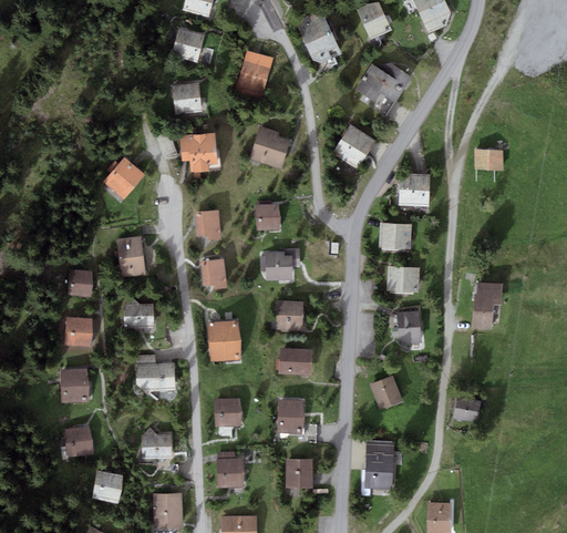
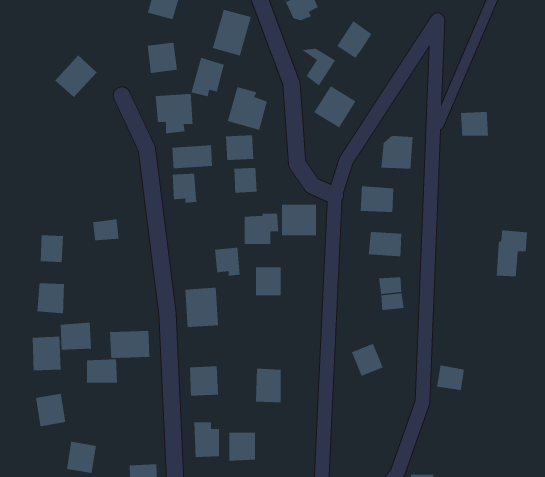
building: [377,62,411,100] -> [301,48,336,86]
building: none -> [190,57,225,97]
building: [103,156,145,198] -> [54,54,98,98]
building: none -> [225,135,254,161]
building: none -> [172,144,213,169]
building: [116,235,143,257] -> none
building: none -> [281,204,317,236]
building: [200,259,226,288] -> [214,247,240,276]
building: [472,281,503,328] -> [496,229,528,277]
building: [124,304,155,331] -> [60,322,92,350]
building: [278,348,312,375] -> none
building: [142,433,173,458] -> [86,359,118,384]
building: [364,439,393,486] -> none
building: [286,459,312,488] -> [228,432,256,461]

